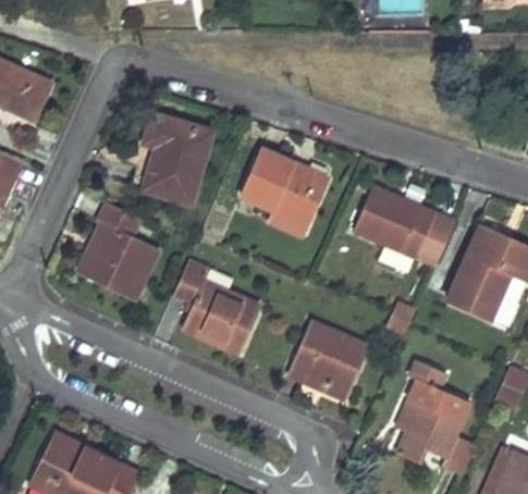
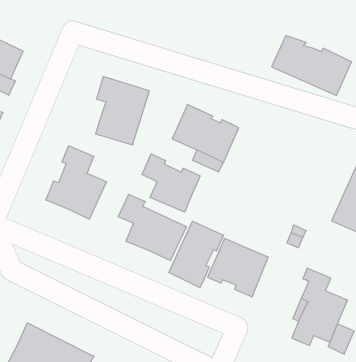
building: [352,189,455,267] -> [272,36,352,95]
building: none -> [142,154,200,212]
building: none -> [169,221,224,288]

